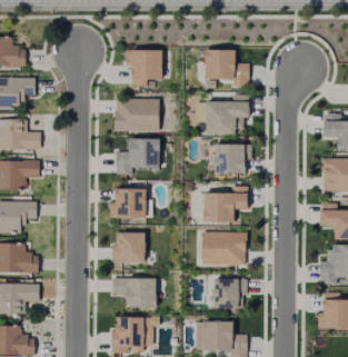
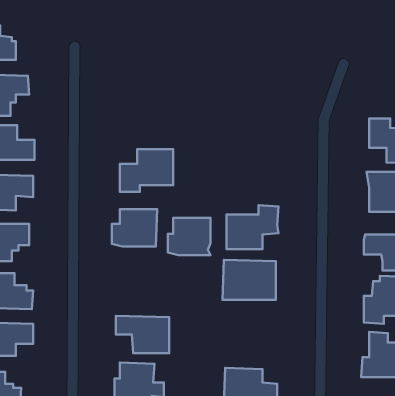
building: [125,49,161,86] -> none
building: [203,50,248,86] -> none
building: [206,93,248,135] -> none
building: [113,98,158,131] -> none
building: [213,143,250,175] -> none
building: [110,232,146,264] -> [168,218,210,255]
building: [213,278,246,309] -> none

